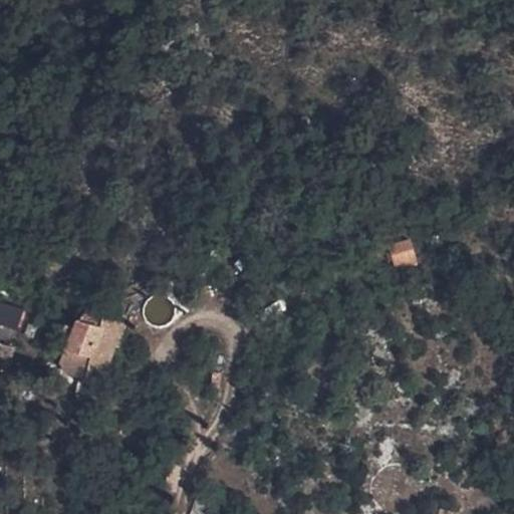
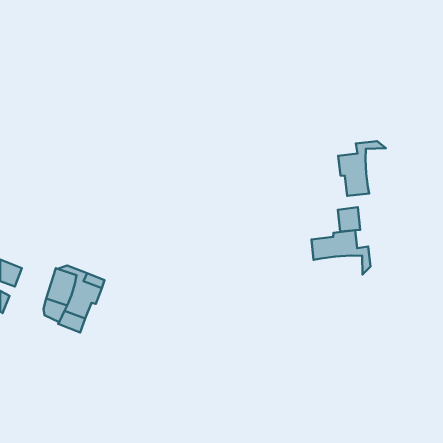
building: none -> [338,141,386,196]
building: none -> [312,230,370,274]

